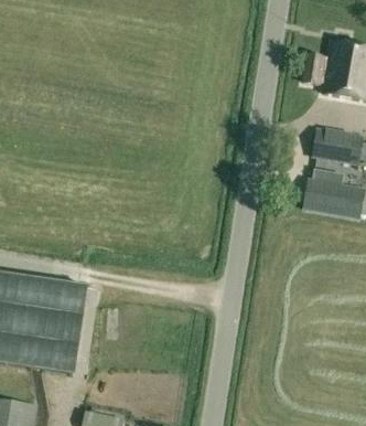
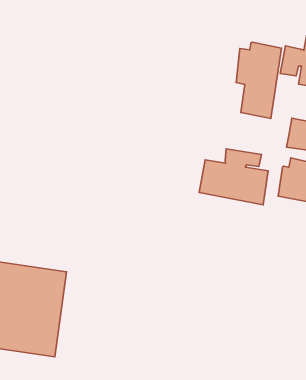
building: none -> [236,42,281,119]
building: none -> [199,149,268,205]

